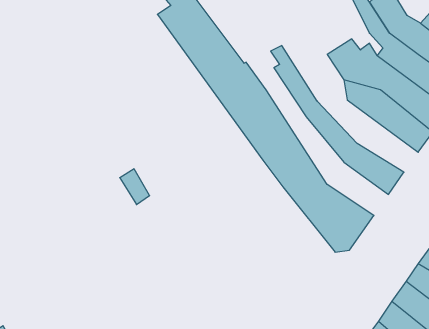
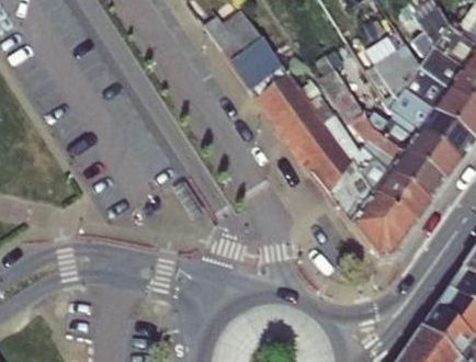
building: none -> [360,89,460,180]
building: none -> [309,91,430,223]

